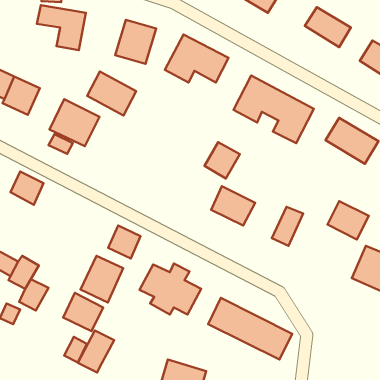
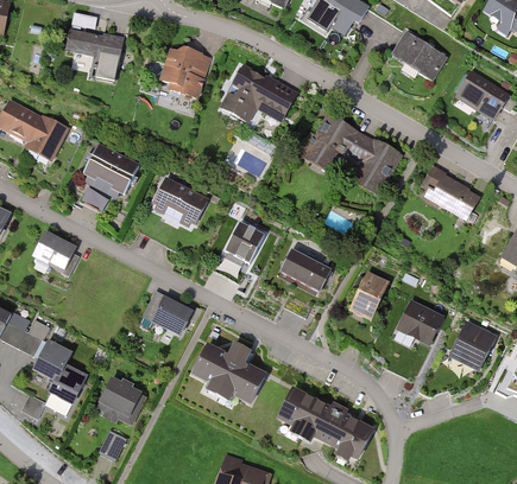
building: [87,71,136,116] -> [150,176,209,229]
building: [204,142,240,179] -> [225,221,267,265]
building: [328,201,369,239] -> [395,300,445,346]
building: [80,256,123,303] -> none
building: [78,330,114,372] -> none

